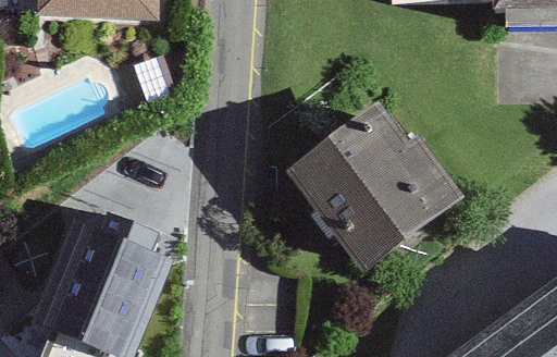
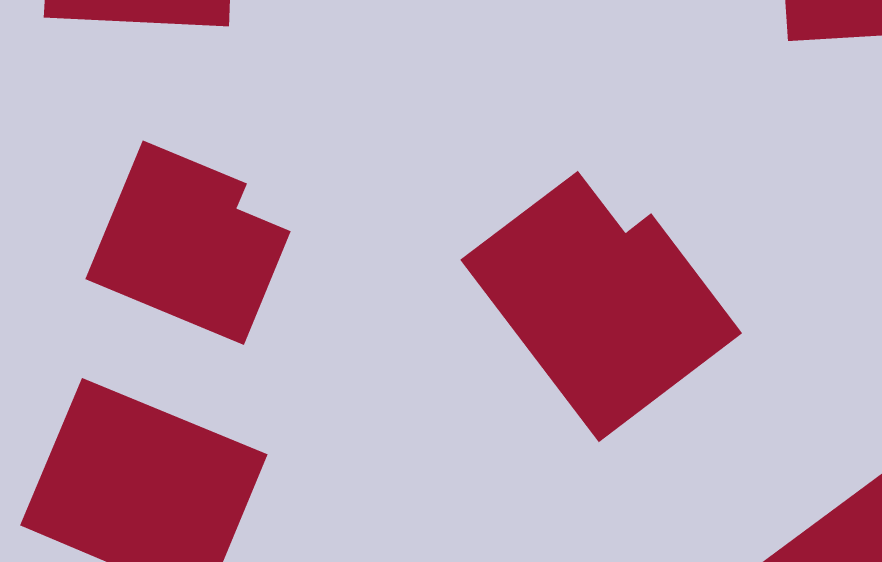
building: none -> [85,140,291,346]

